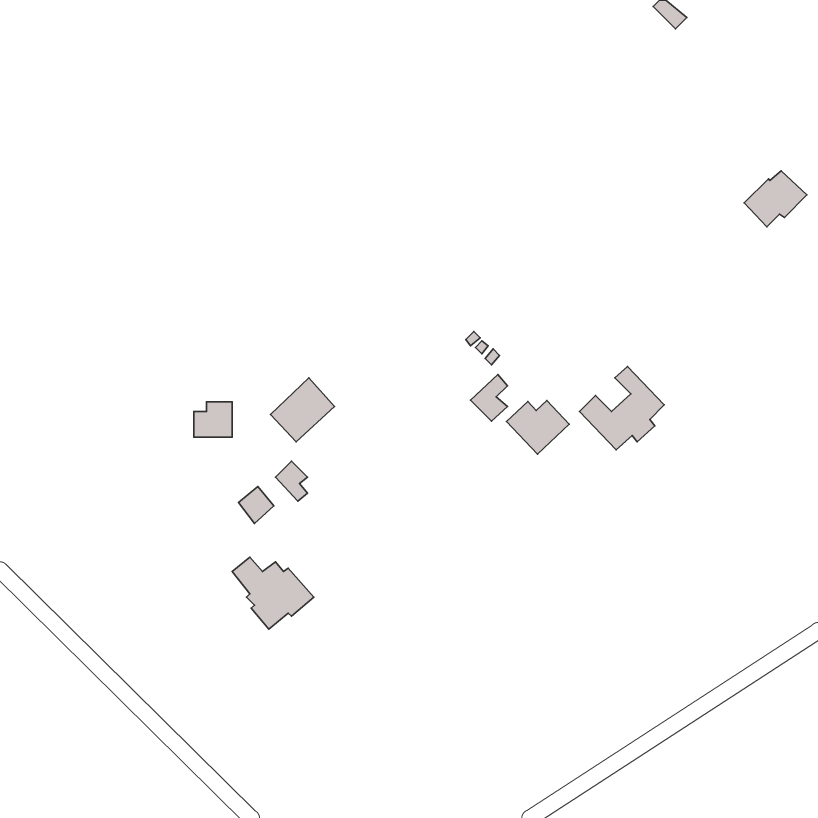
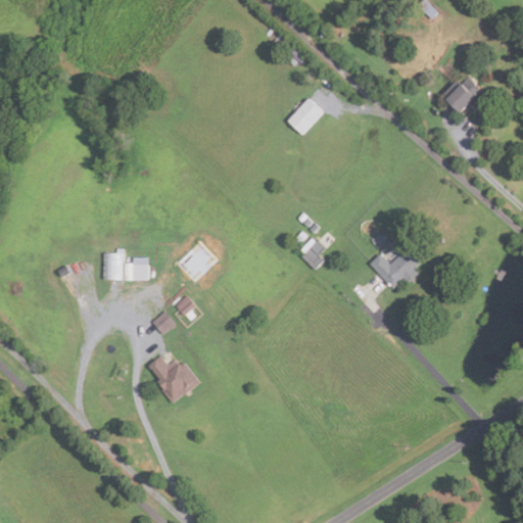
building: none -> [286,101,321,137]
building: [744,171,807,227] -> [444,77,484,112]
building: none -> [103,252,124,279]
building: [507,400,569,454] -> none

